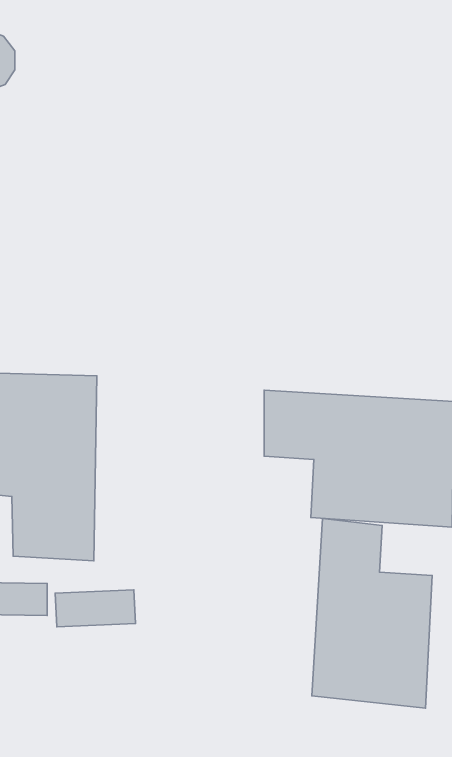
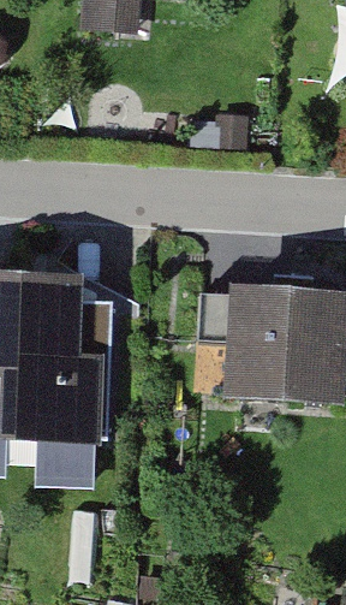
building: [312,518,432,708] -> none

